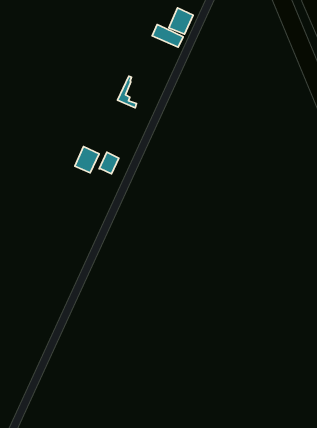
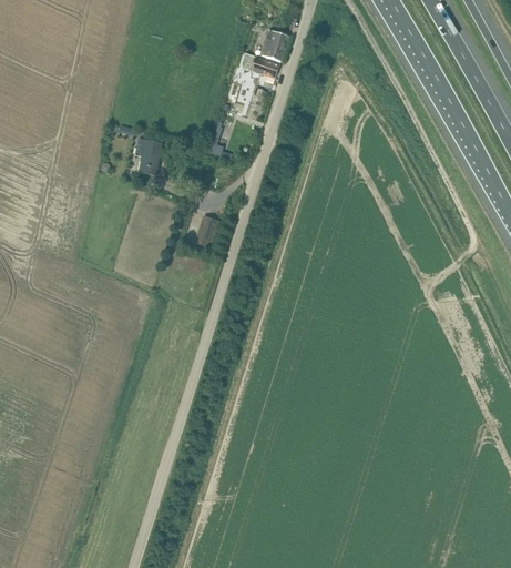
building: none -> [135,139,162,175]
building: [75,147,99,173] -> none

